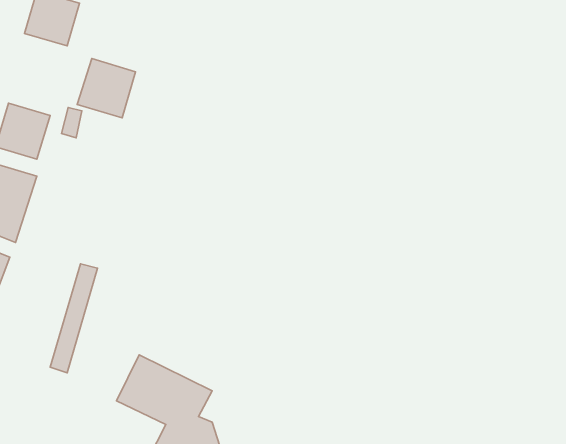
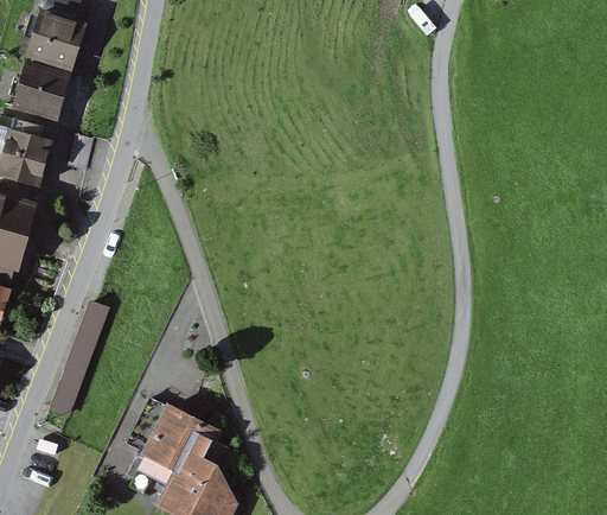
building: [77,58,136,118] -> [8,62,70,125]

